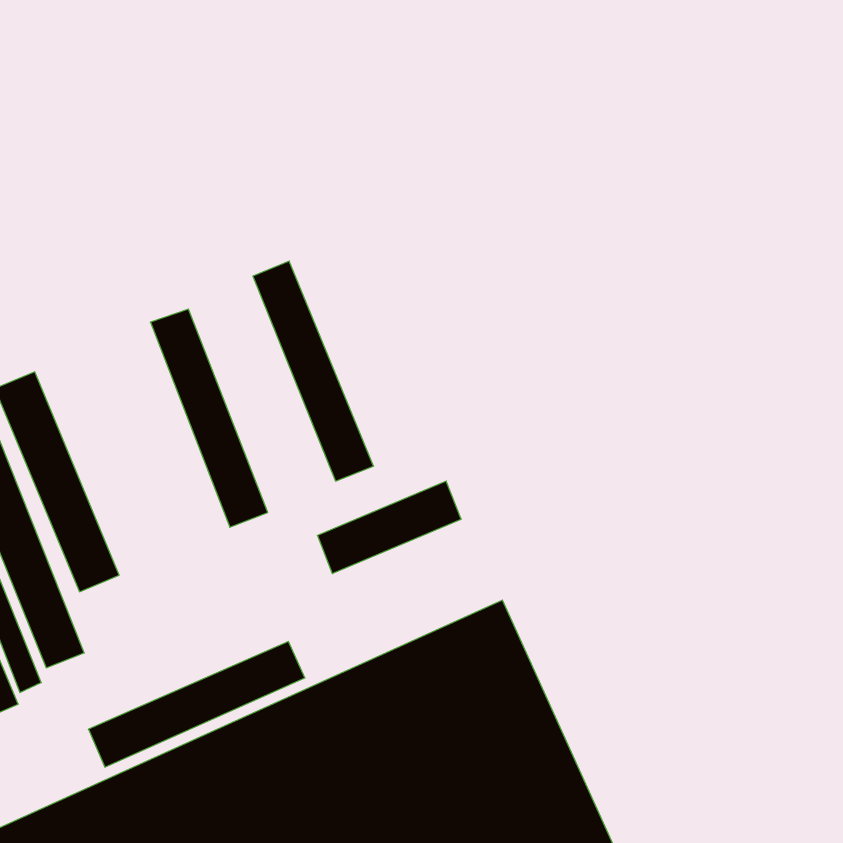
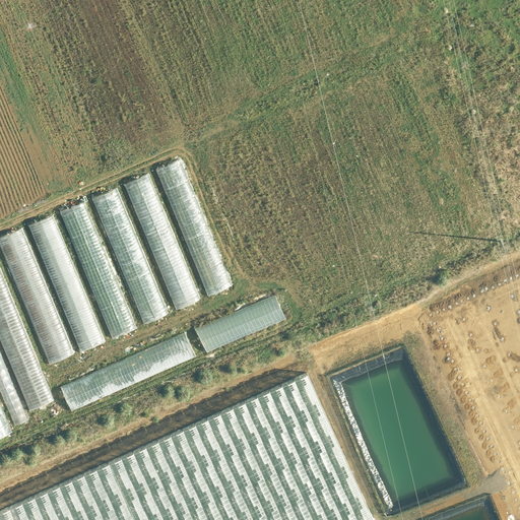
building: none -> [124,177,198,310]
building: none -> [60,205,134,339]
building: none -> [27,217,104,353]
building: [88,642,305,767] -> [61,334,194,411]

